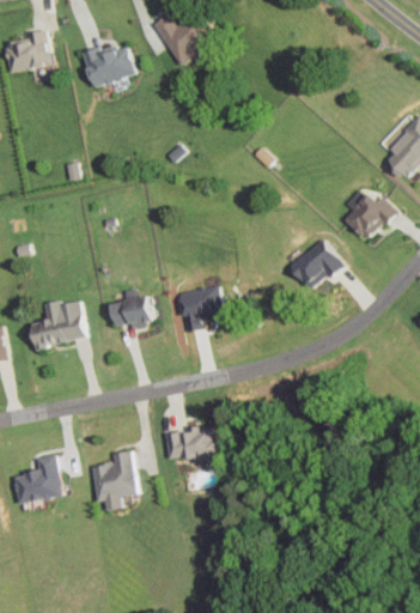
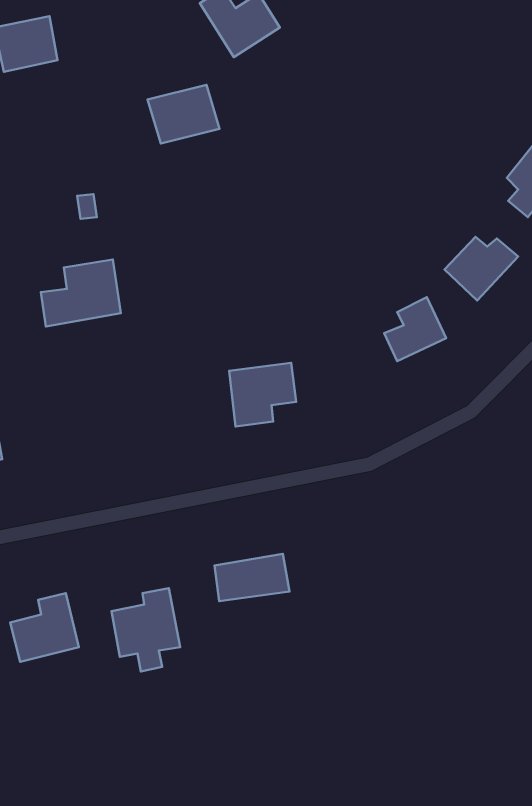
building: [85,43,138,86] -> [148,85,220,144]
building: [111,298,163,328] -> none
building: [30,299,89,348] -> [41,259,121,326]

